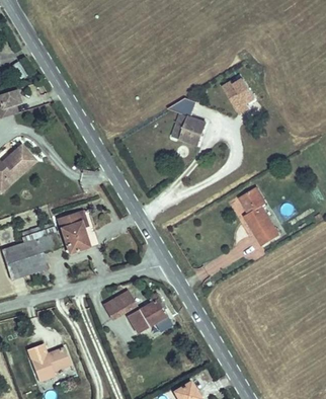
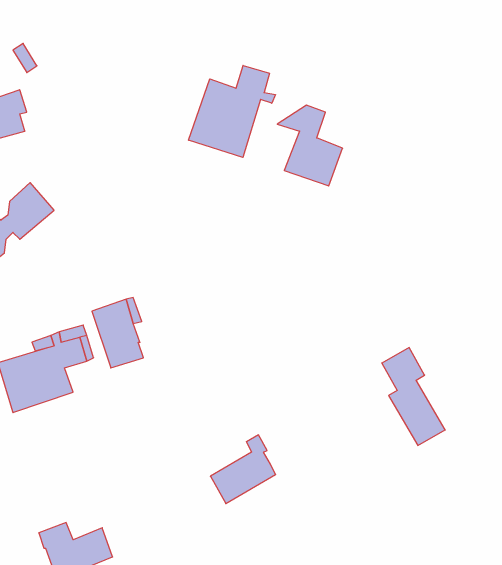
building: none -> [189,65,275,157]
building: [222,80,254,114] -> none
building: [239,181,276,239] -> [382,348,445,445]
building: [103,292,135,319] -> none

